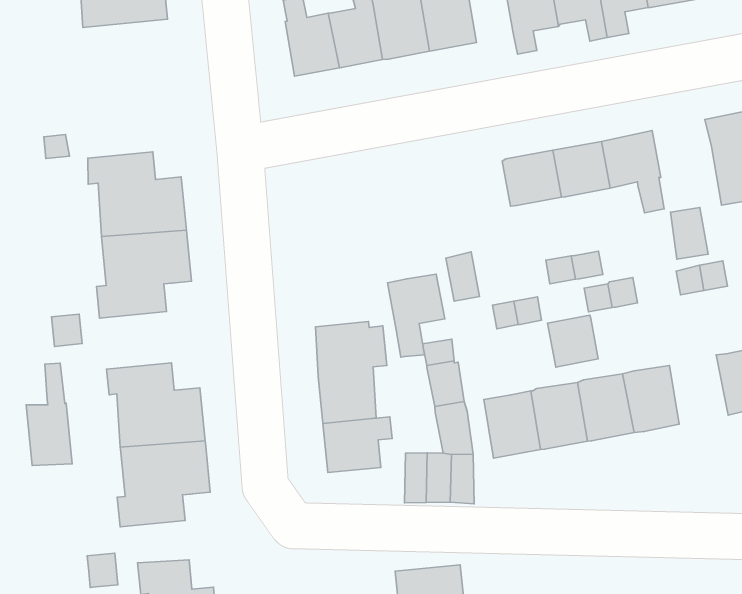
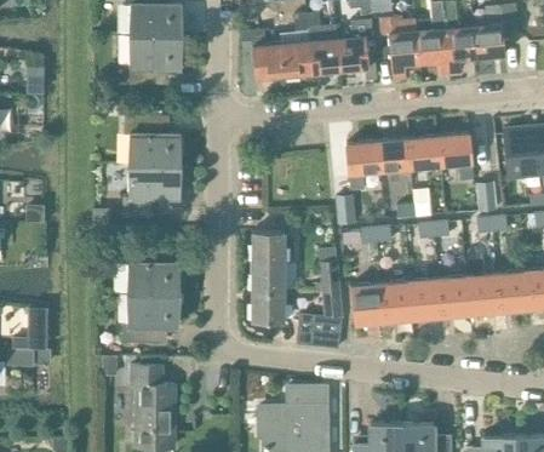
building: none -> [125,35,182,85]
building: [387,274,445,357] -> [347,142,379,190]
building: [547,315,598,367] -> none
building: none -> [466,273,499,313]
building: [26,363,72,466] -> none

